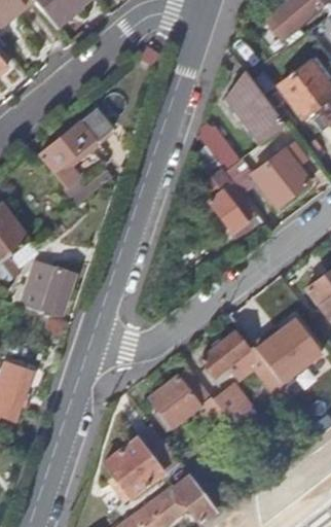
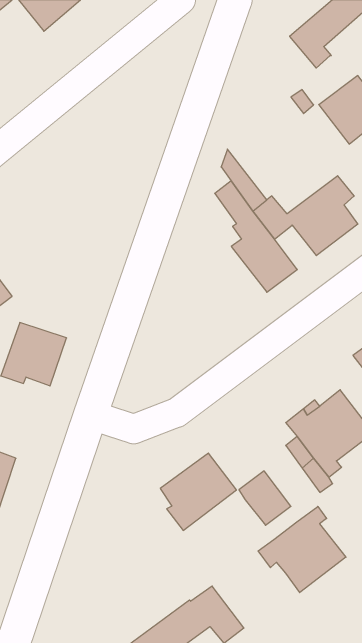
building: [226,71,287,145] -> none
building: [41,109,114,188] -> none
building: [201,332,249,377] -> none
building: none -> [258,506,346,593]
building: [105,426,181,498] -> none

